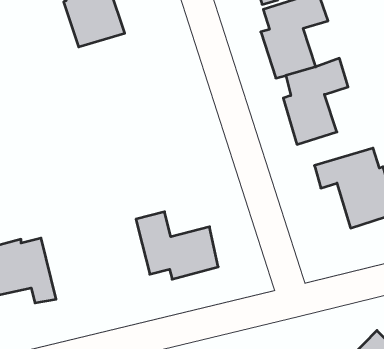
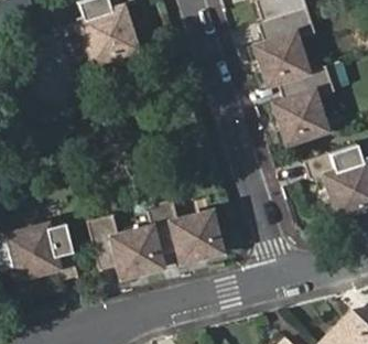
building: none -> [85,217,159,277]

